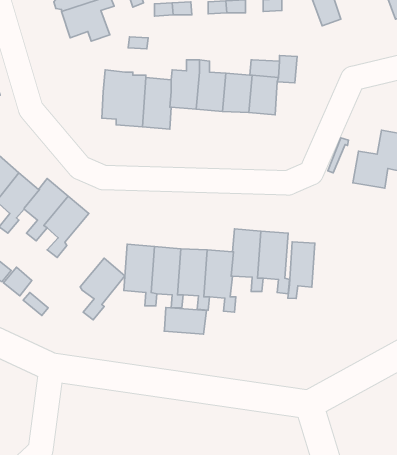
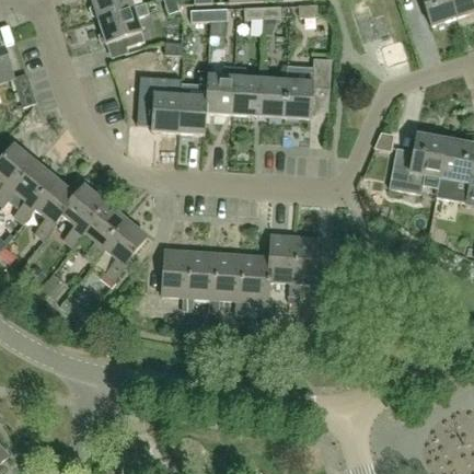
building: [288,242,315,298] -> none
building: [80,258,125,320] -> [101,218,146,279]
building: [164,308,206,334] -> none

